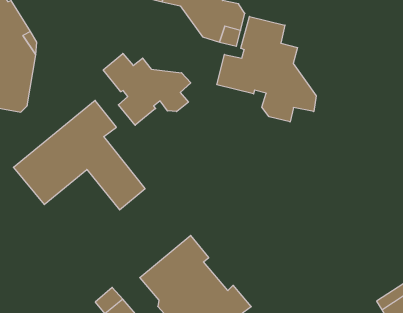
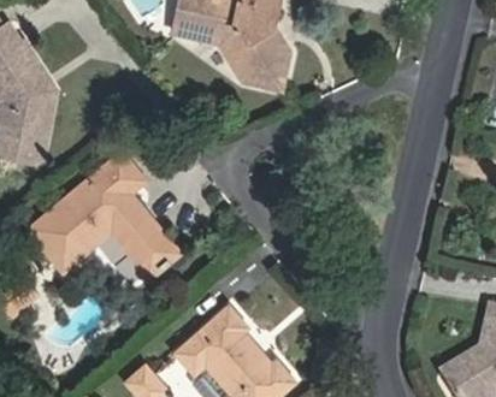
building: [217,16,316,122] -> none
building: [103,53,191,125] -> none

